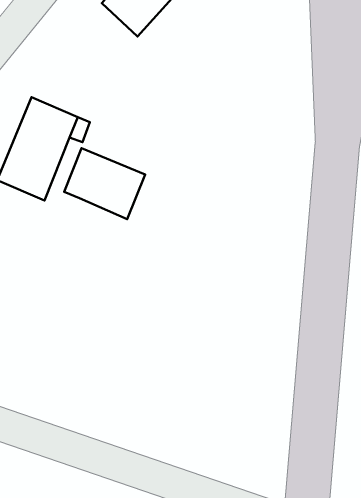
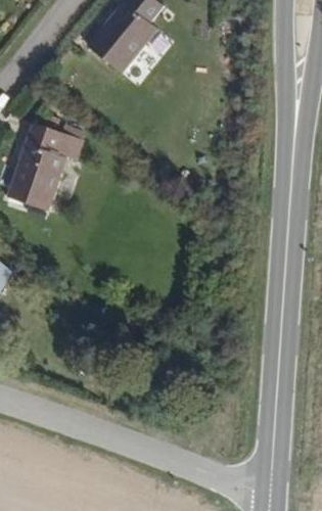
building: [64,148,145,219] -> none

